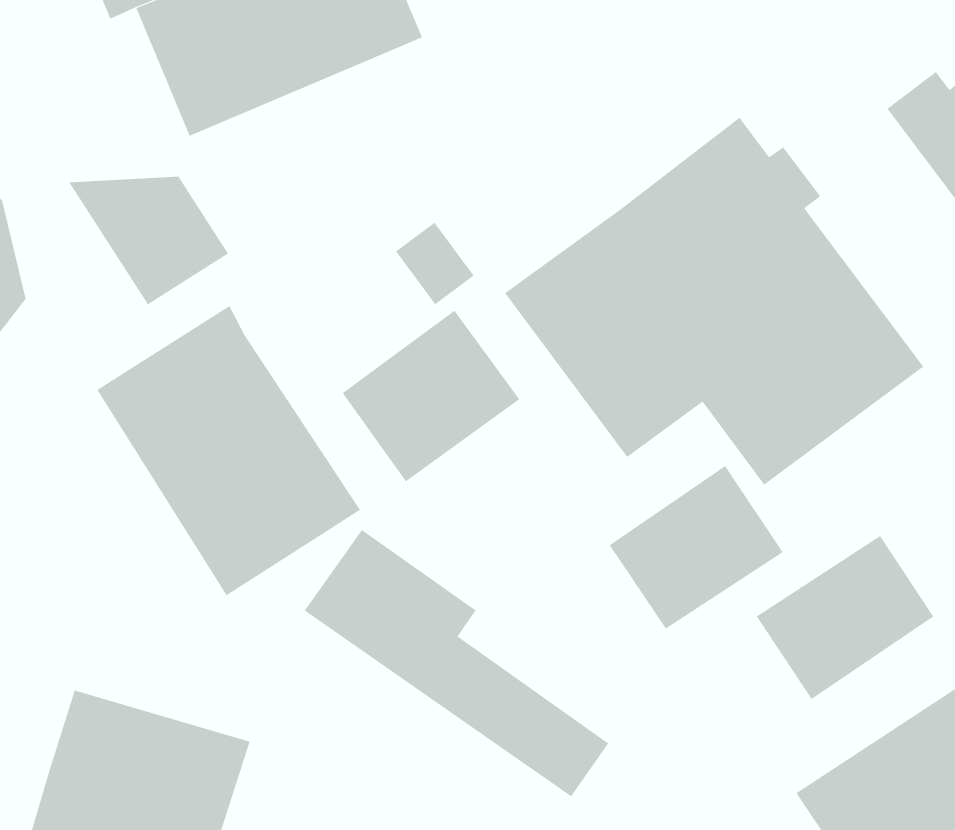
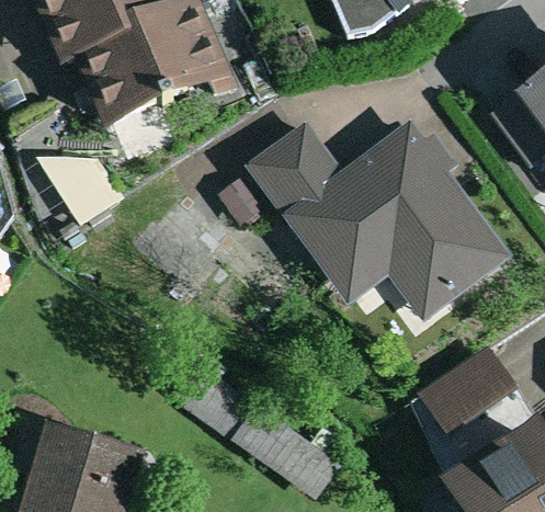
building: [97,305,361,596] -> none
building: [342,310,520,482] -> [245,120,343,215]
building: [609,465,783,629] -> none

